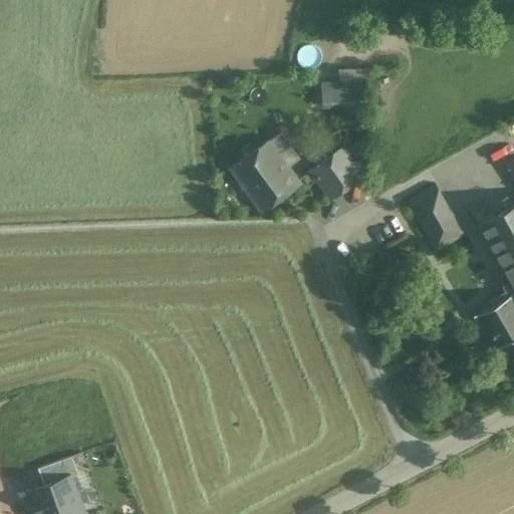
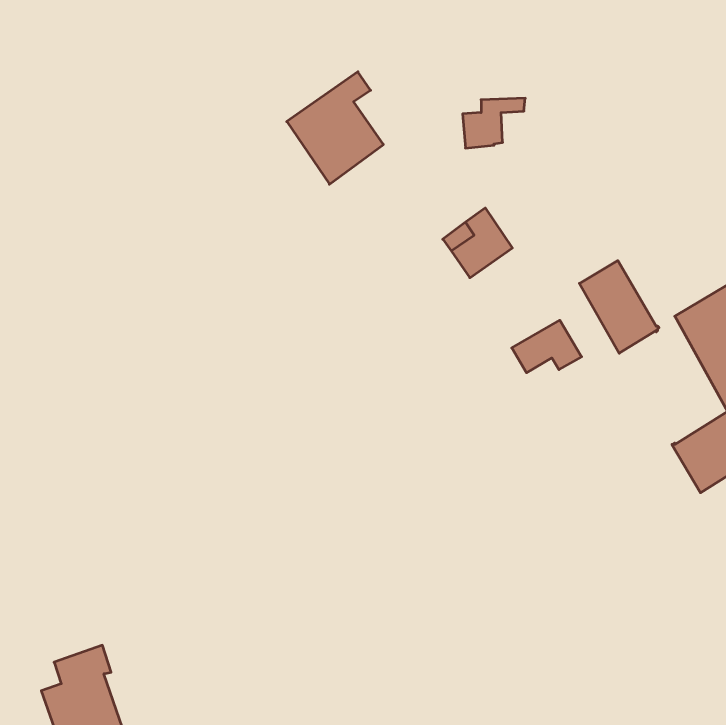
building: [232,133,300,212] -> [287,72,383,184]
building: none -> [512,320,582,373]

